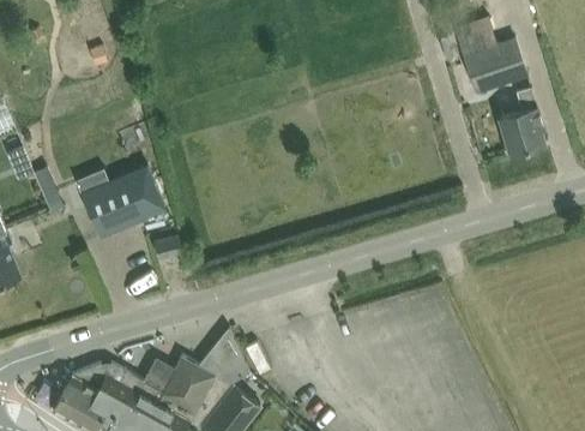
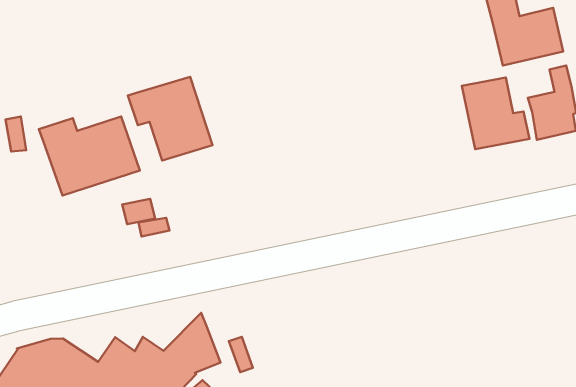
building: none -> [462,78,530,149]
building: none -> [128,77,213,160]

